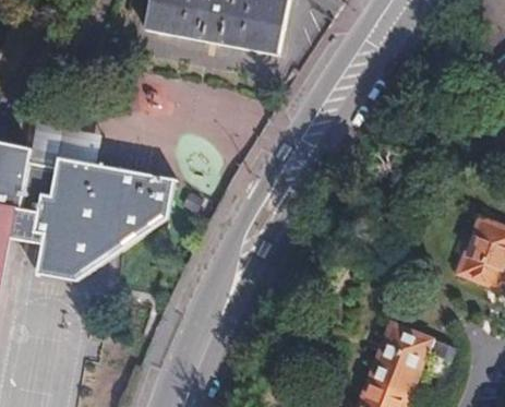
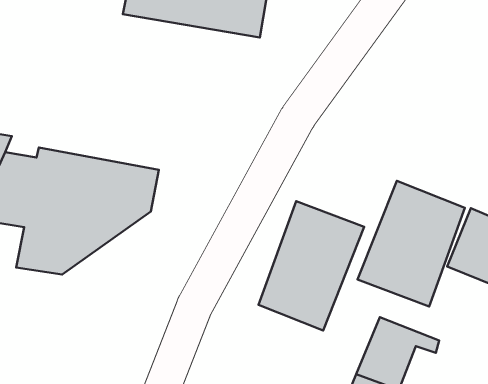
building: none -> [358,181,465,307]
building: none -> [258,201,364,330]

